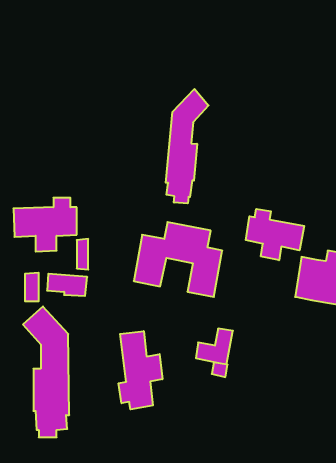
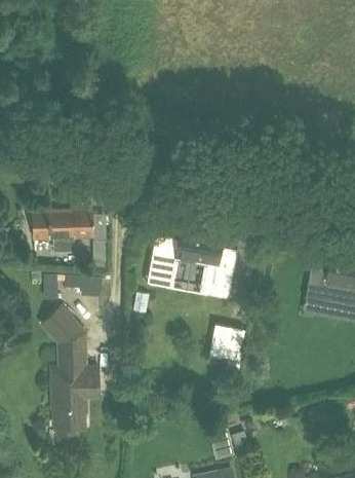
building: [166,89,209,203] -> none
building: [246,209,304,260] -> none
building: [119,331,162,409] -> none

